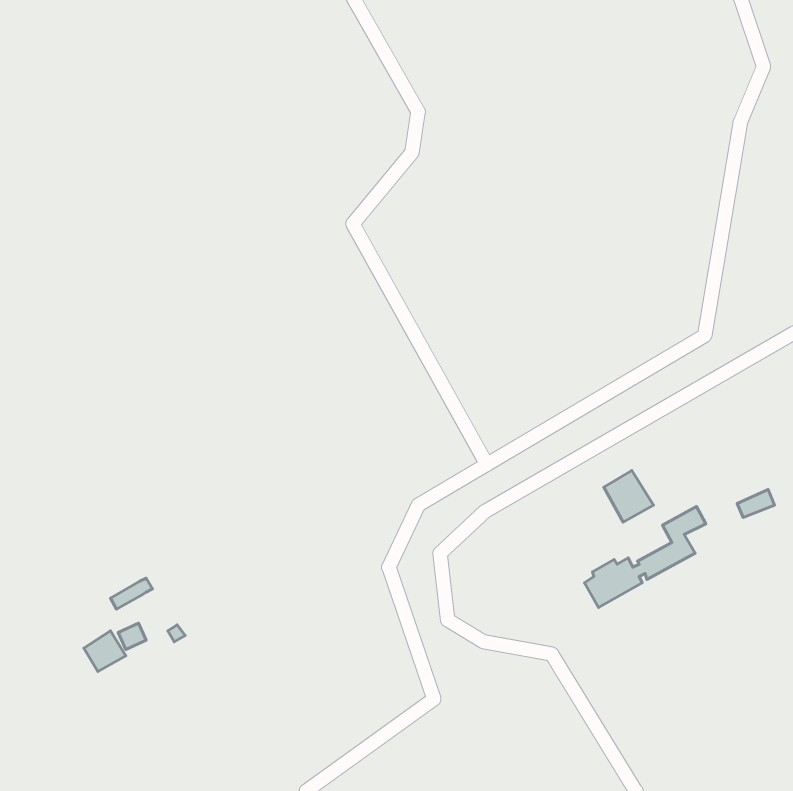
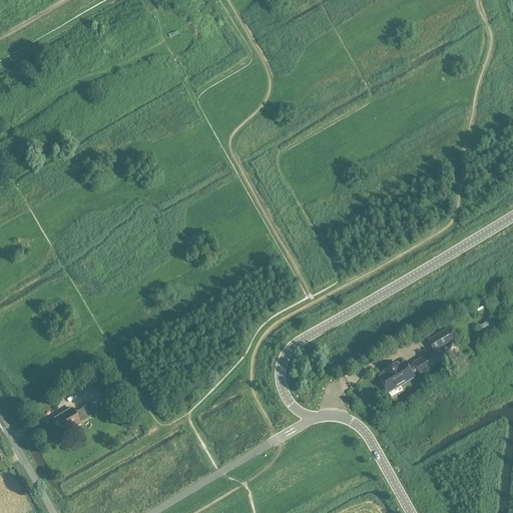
building: [604,471,654,522] -> none

